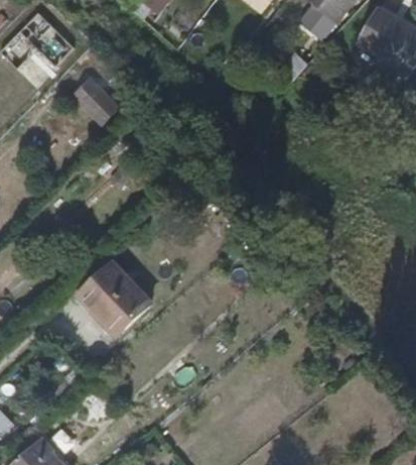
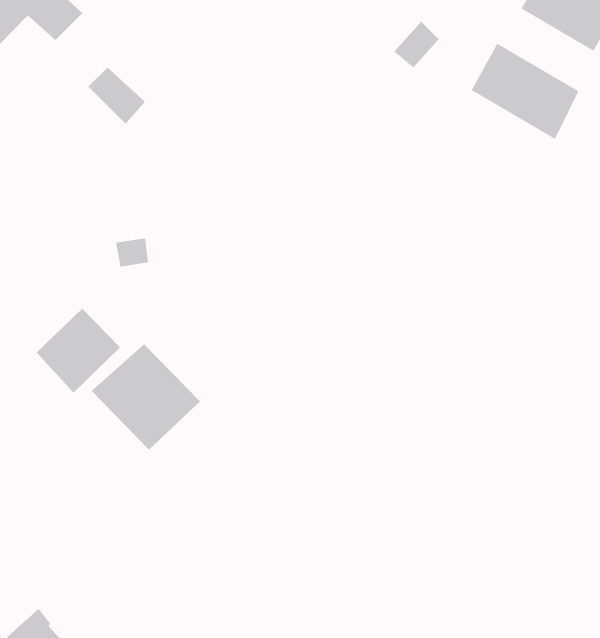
building: none -> [471,43,579,140]
building: none -> [36,308,121,393]

